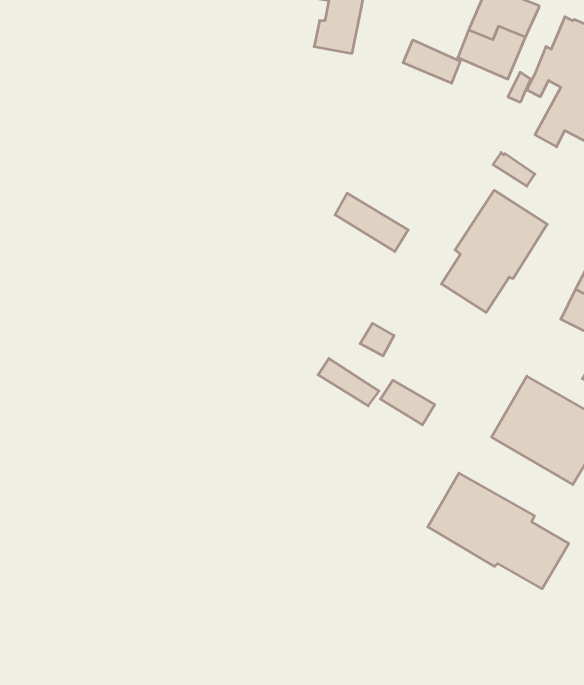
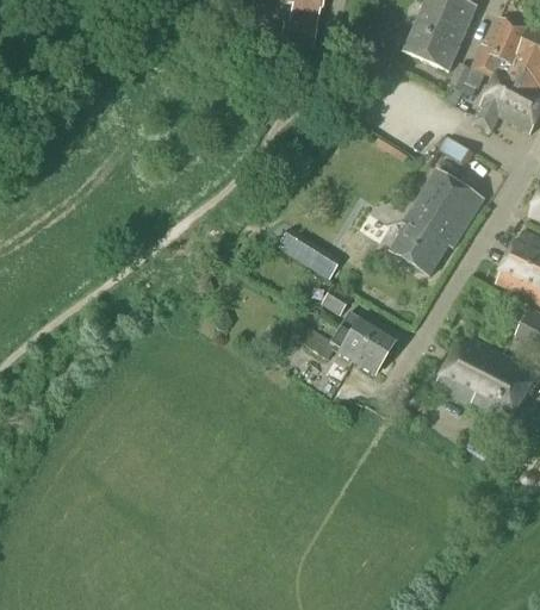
building: [403,40,460,83] -> none
building: [335,193,408,252] -> [275,228,340,279]
building: none -> [347,316,395,356]
building: [428,473,569,589] -> none

